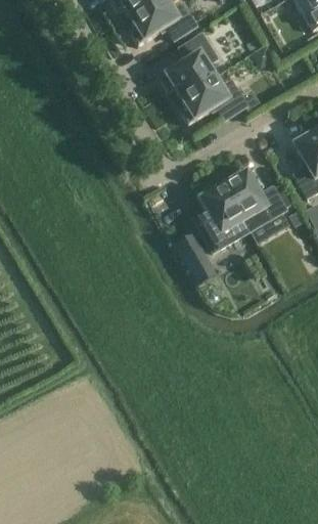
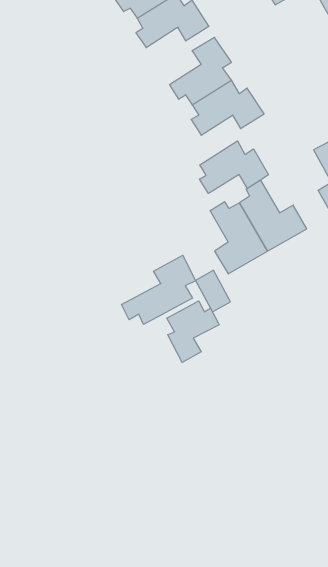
building: none -> [199,141,268,193]
building: none -> [121,255,196,324]
building: none -> [167,301,219,362]

